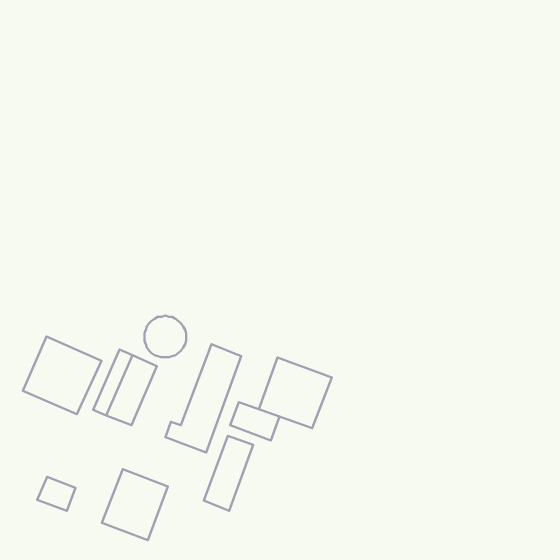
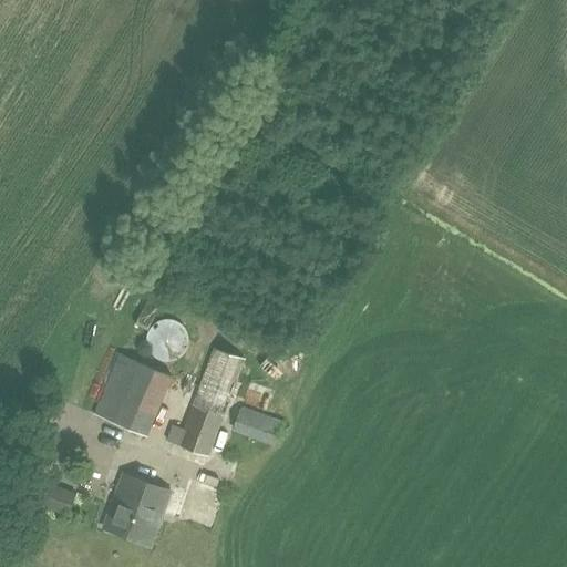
building: [23,336,102,414] -> none
building: [259,358,332,428] -> none
building: [204,436,253,511] -> none

